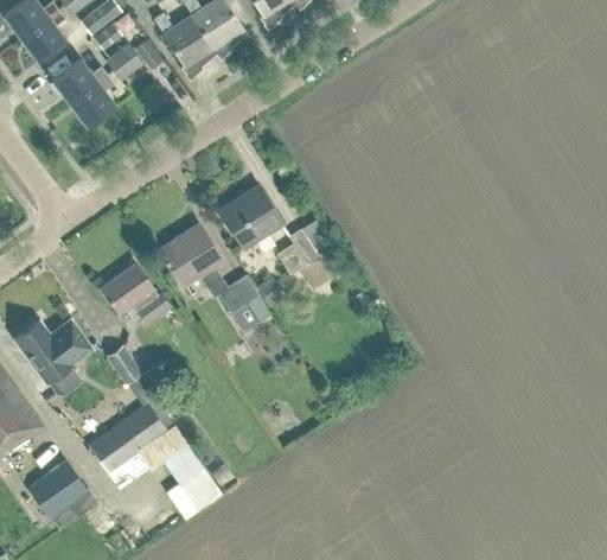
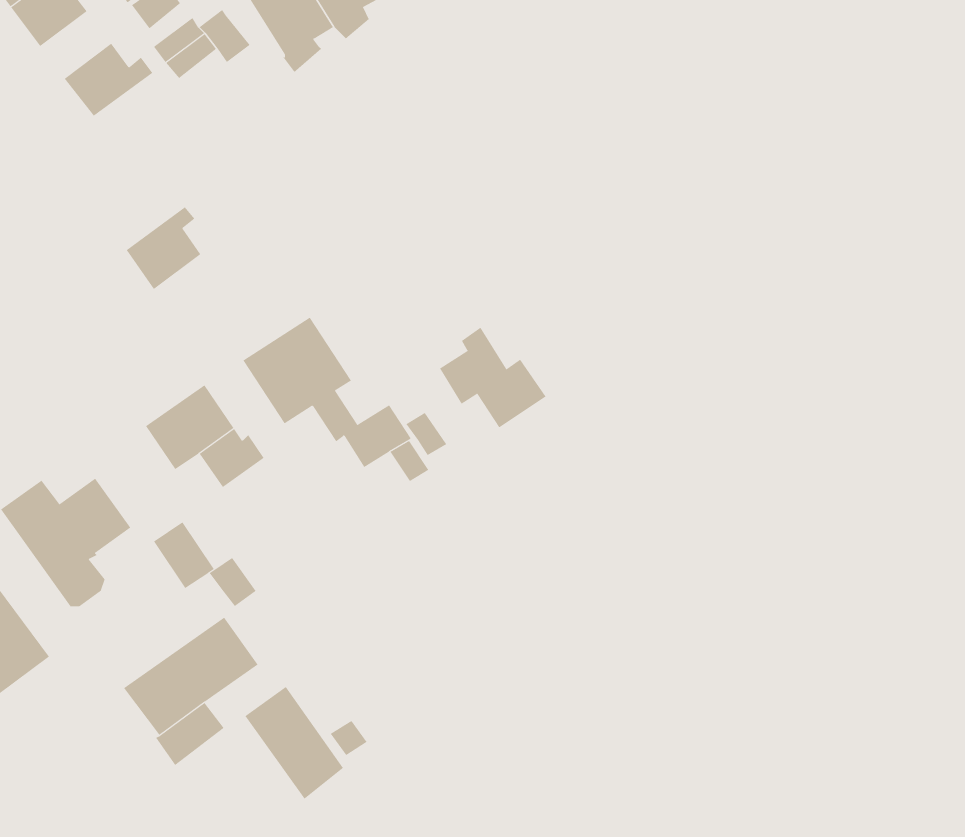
building: [70,77,115,127] -> [126,206,201,290]
building: [219,185,283,254] -> none
building: [25,460,87,520] -> none

